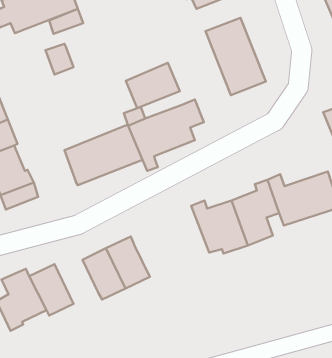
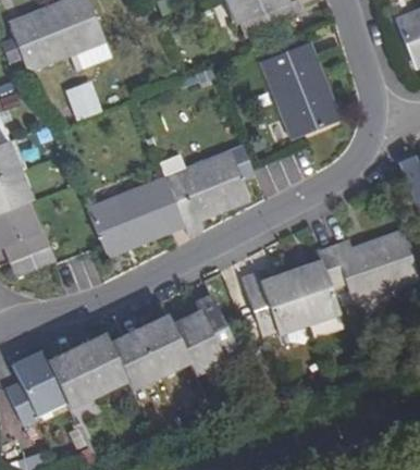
building: [126,63,180,108] -> none
building: none -> [173,290,238,372]
building: none -> [76,331,129,393]

